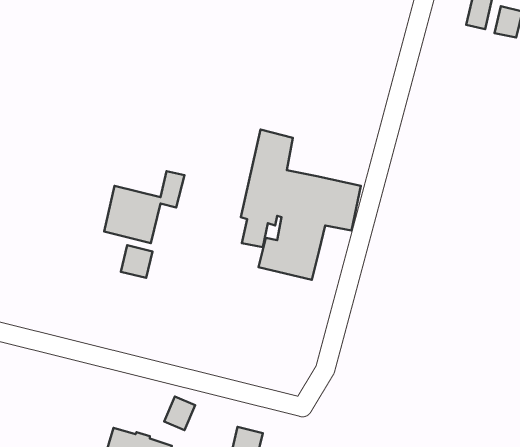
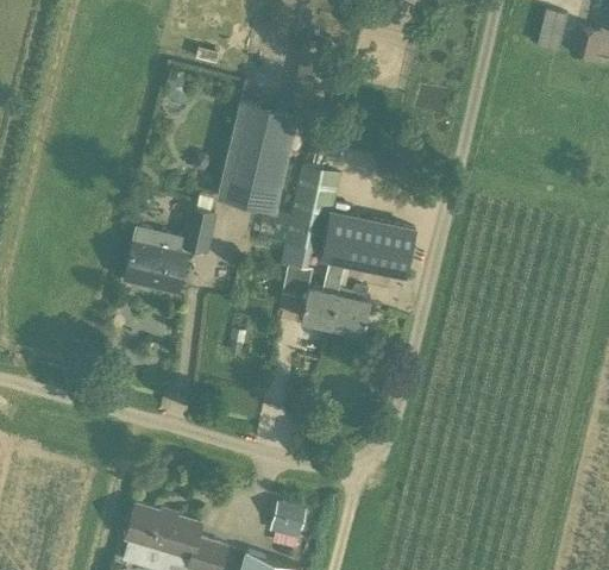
building: none -> [216,102,299,214]
building: [121,245,153,278] -> none
building: [164,397,195,430] -> none

